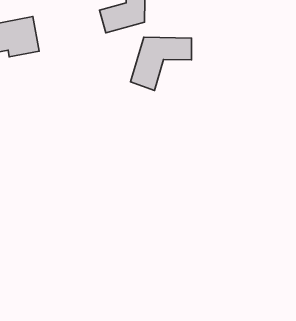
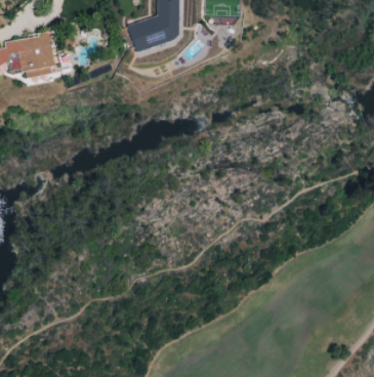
building: [130,37,191,90] -> none

